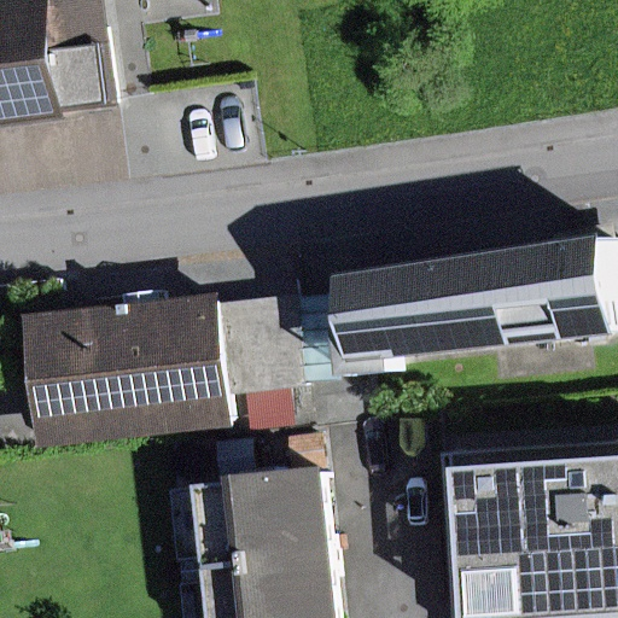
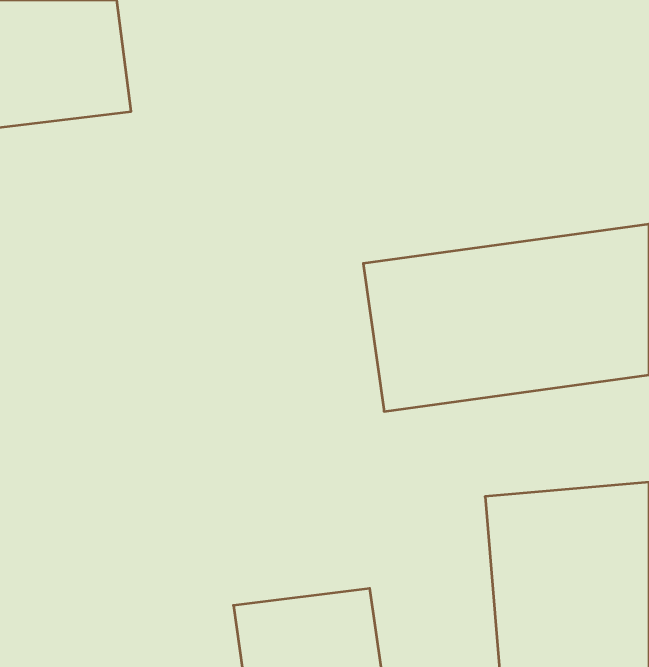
building: [27,291,232,447] -> none
building: [205,466,340,560] -> none

